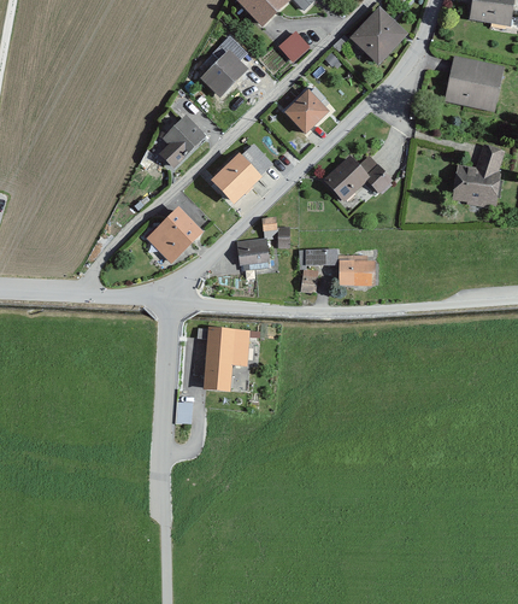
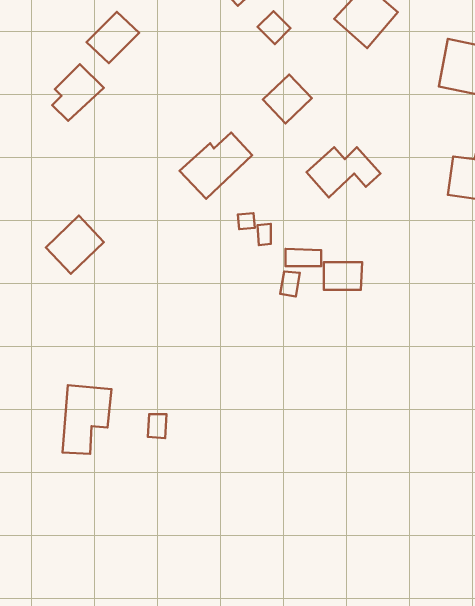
building: [200,49,248,96] -> [86,12,139,63]
building: [159,115,206,166] -> [52,64,104,121]
building: [146,207,199,260] -> [46,216,104,274]
building: [239,236,269,263] -> none
building: [208,324,253,387] -> [63,385,111,454]

